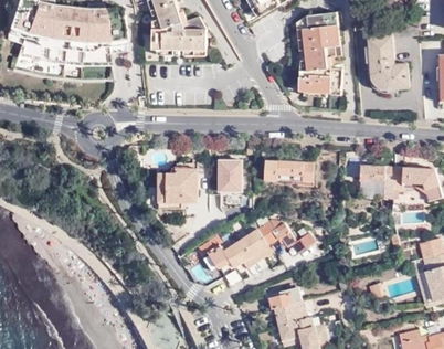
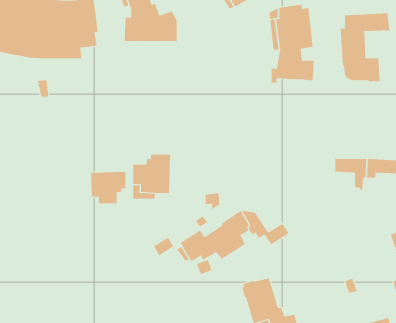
building: [214,157,241,190] -> none
building: [265,161,311,183] -> none
building: none -> [91,171,126,204]

